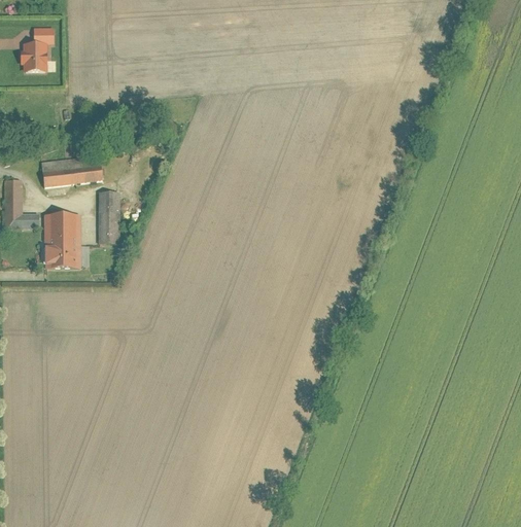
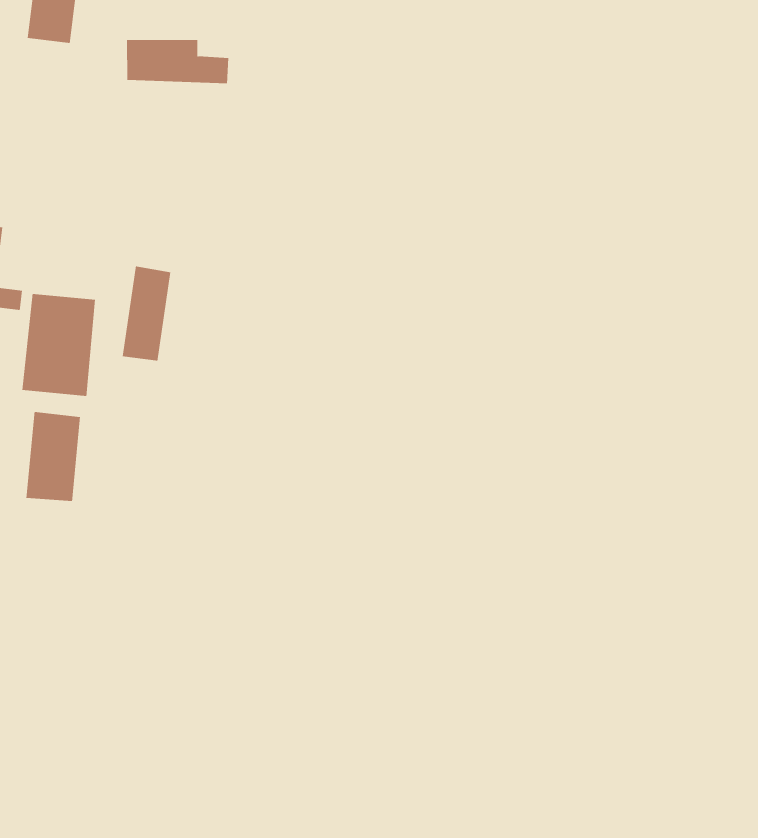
building: [41,156,101,184] -> [126,39,229,84]
building: none -> [26,411,81,502]

